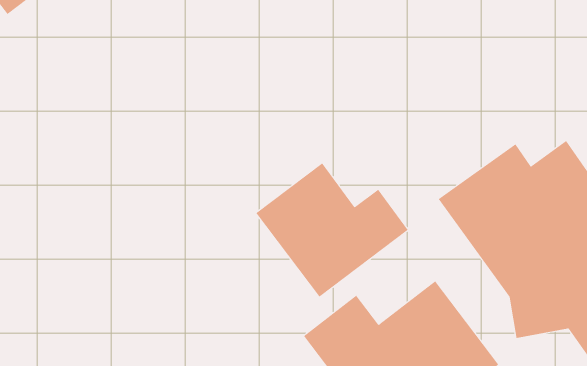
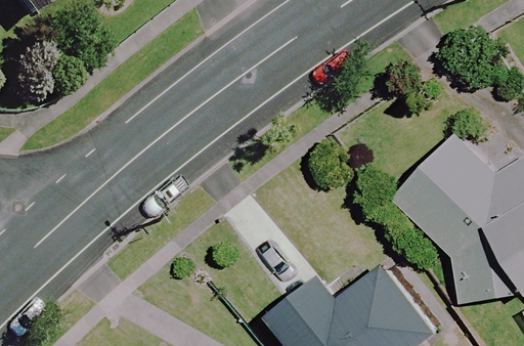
building: [255,163,409,297] -> none

